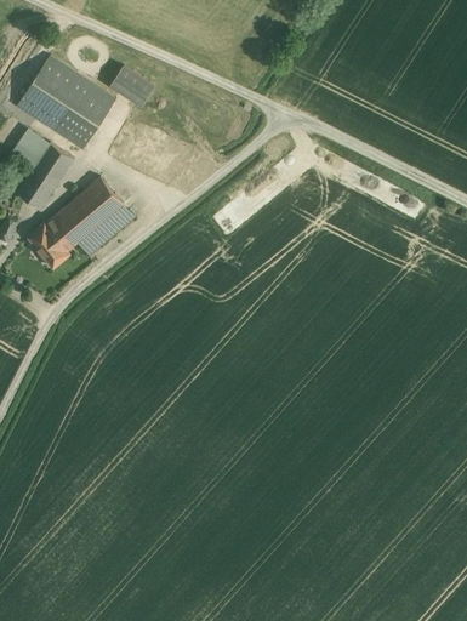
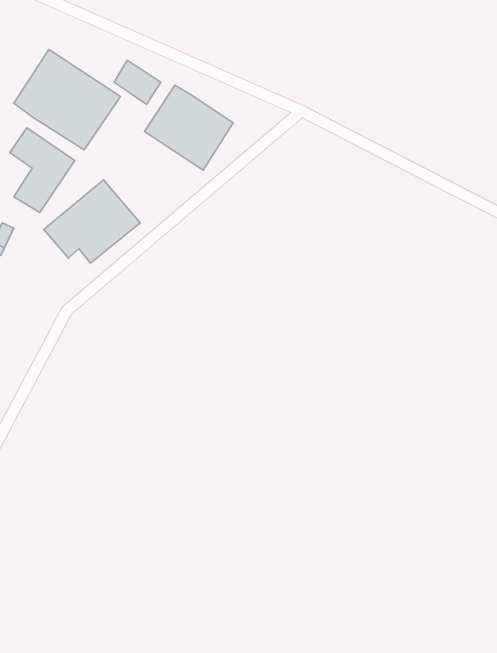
building: none -> [144,85,233,170]
building: [27,222,69,267] -> none

